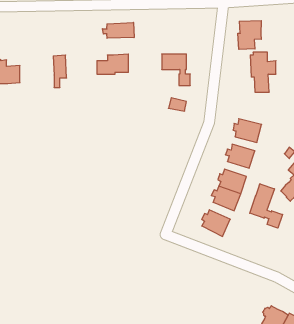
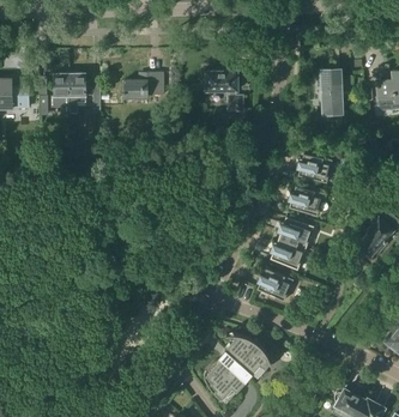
building: [238,21,261,49] -> none
building: [102,22,134,38] -> none
building: none -> [50,74,71,115]
building: [250,184,283,228] -> none
building: none -> [204,334,271,399]

